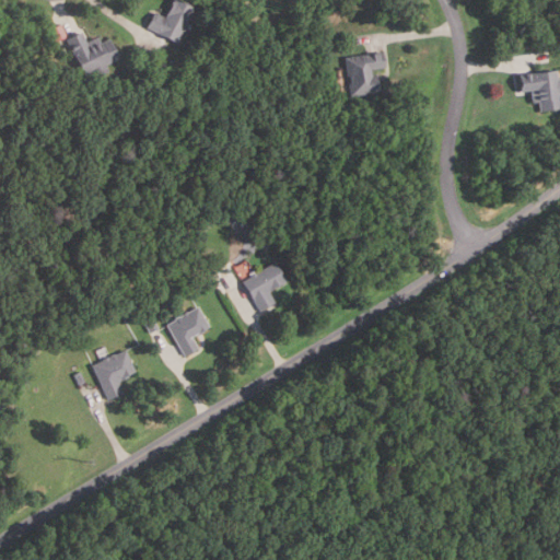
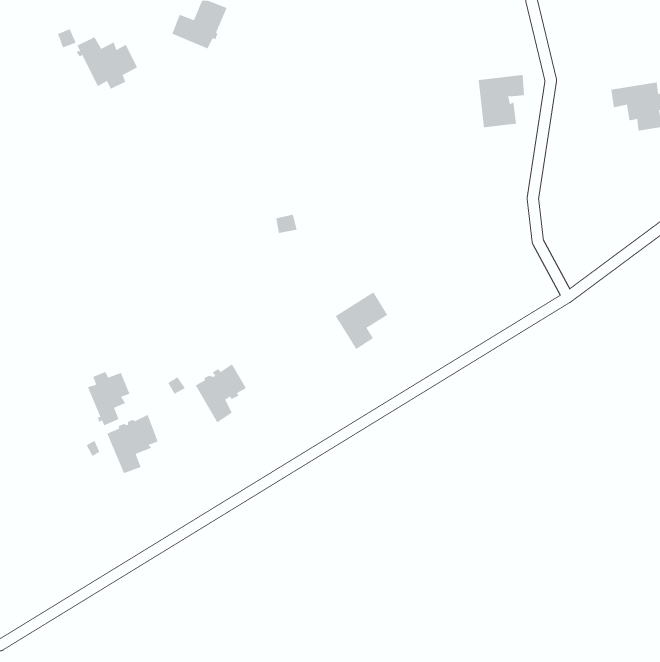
building: [346,52,385,97] -> [478,75,525,128]
building: [242,262,287,312] -> [335,291,388,350]
building: none -> [87,371,130,426]

